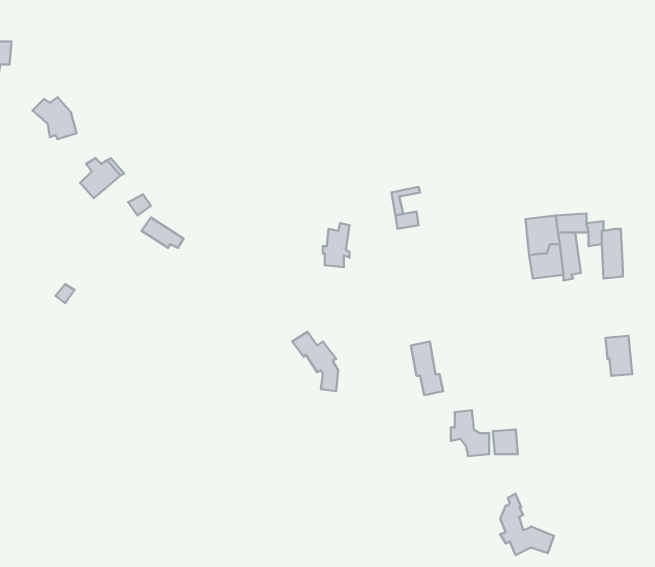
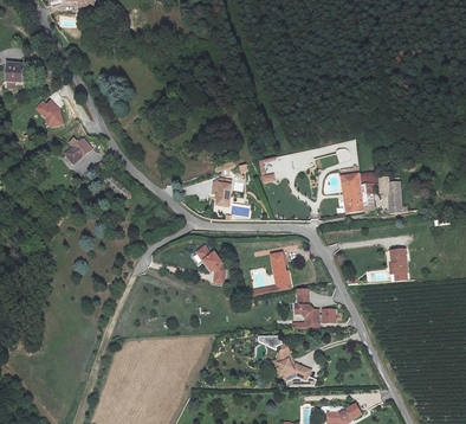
building: [500,494,554,555] -> [277,343,310,381]

